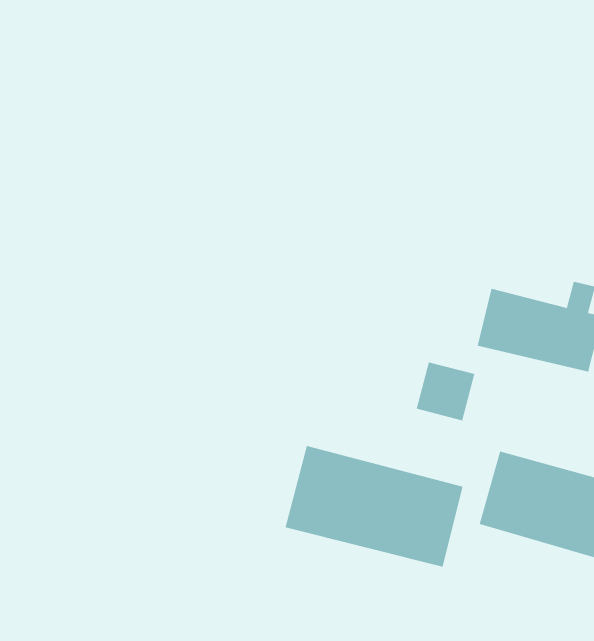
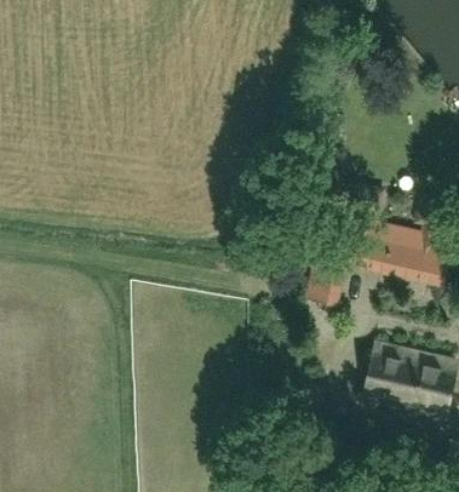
building: [285,445,463,567] -> none

